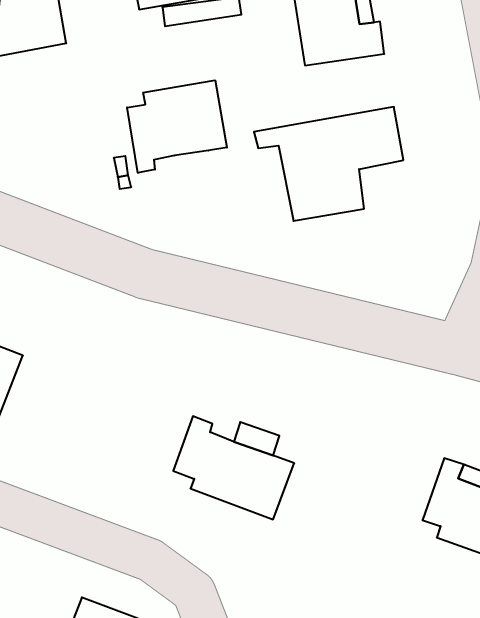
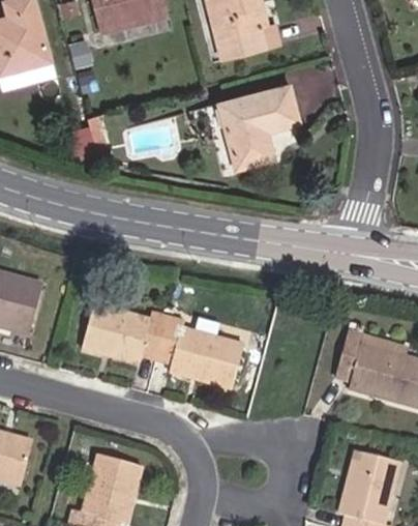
building: [127,80,227,173] -> none
building: none -> [82,306,166,360]

